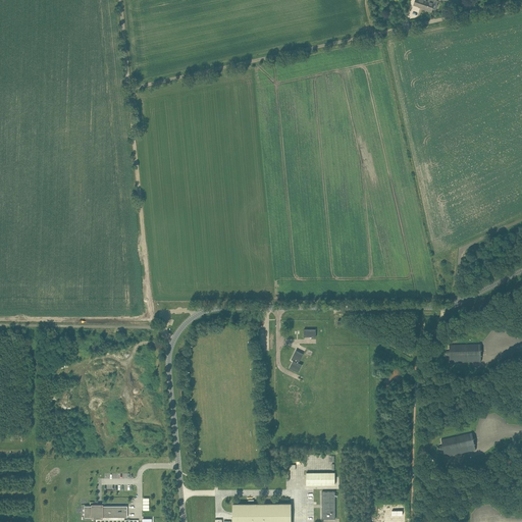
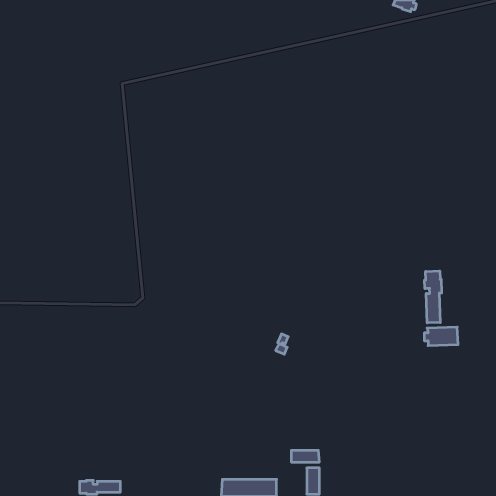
building: none -> [425,271,442,323]
building: [438,432,476,457] -> none

